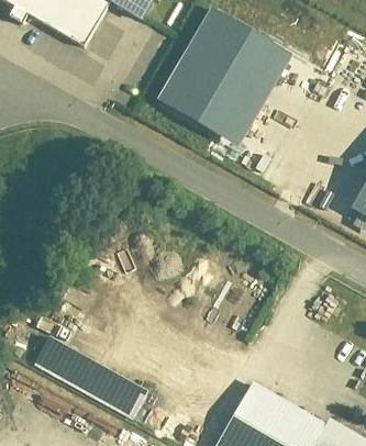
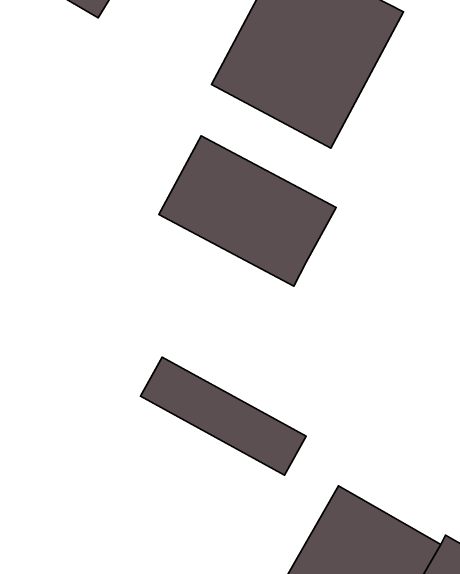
building: none -> [159,136,336,286]
building: [30,335,147,419] -> [140,357,306,475]

